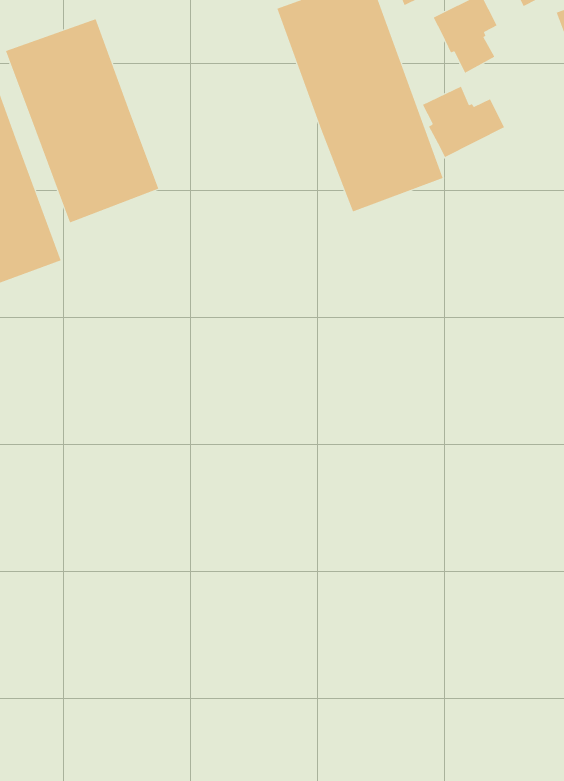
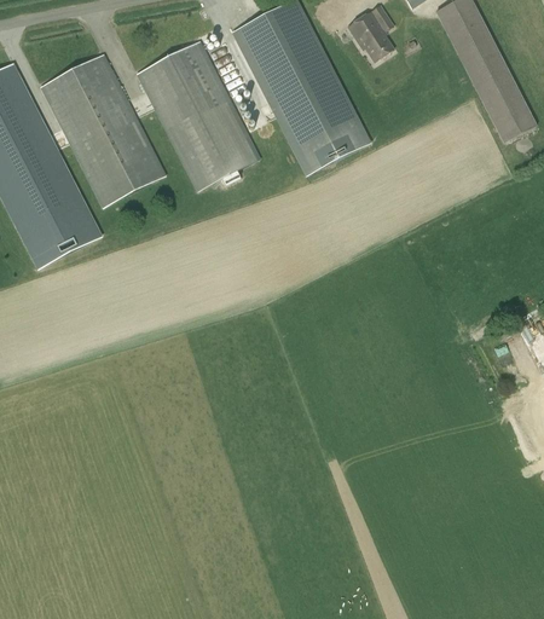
building: none -> [137,41,257,187]
building: [422,86,505,158] -> none

